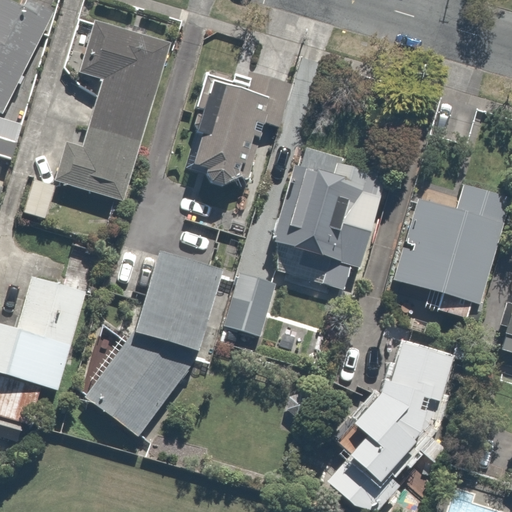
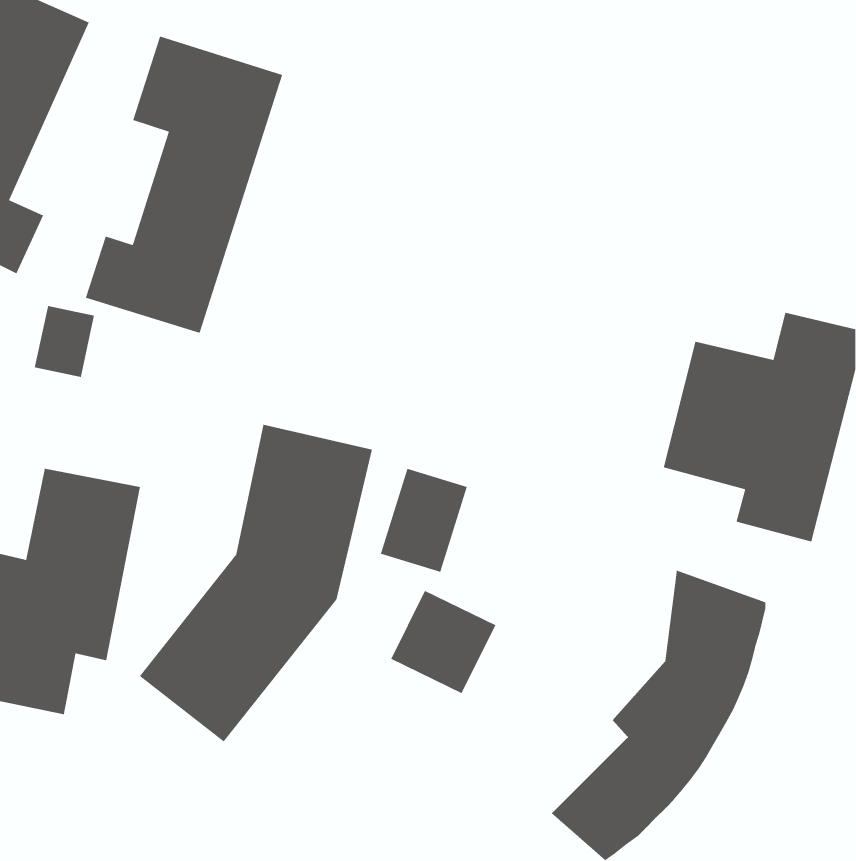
building: [193,82,269,180] -> none
building: [271,148,391,288] -> none
building: none -> [390,590,496,694]

